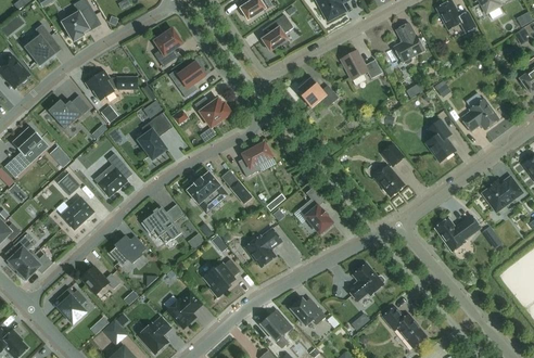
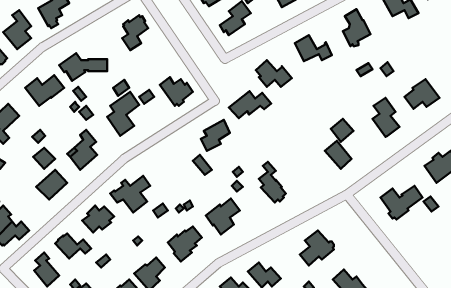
building: [177,61,204,97] -> none
building: none -> [229,91,271,118]
building: [187,171,220,206] -> none

